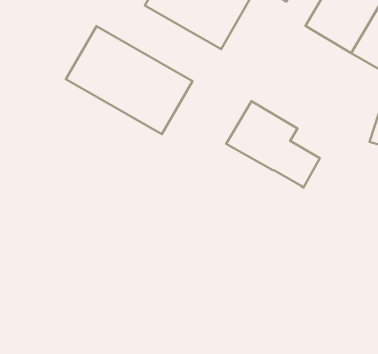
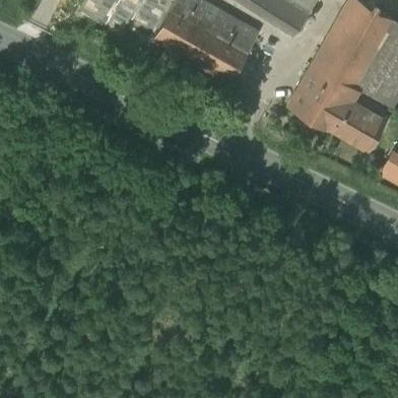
building: [66,26,192,134] -> none
building: [226,101,320,188] -> [288,61,382,147]

